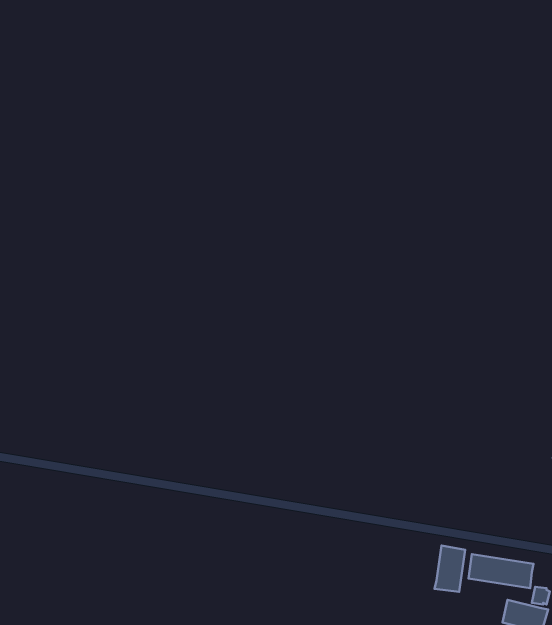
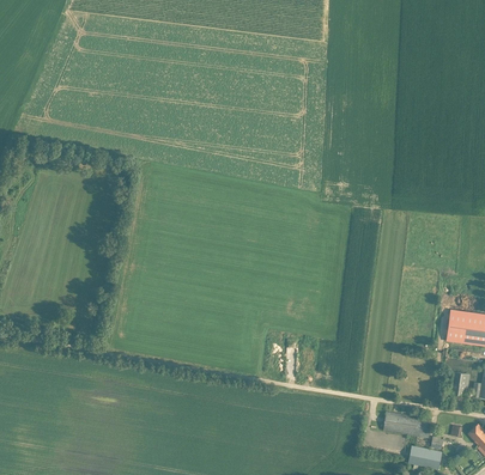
building: [435,546,465,592] -> none

